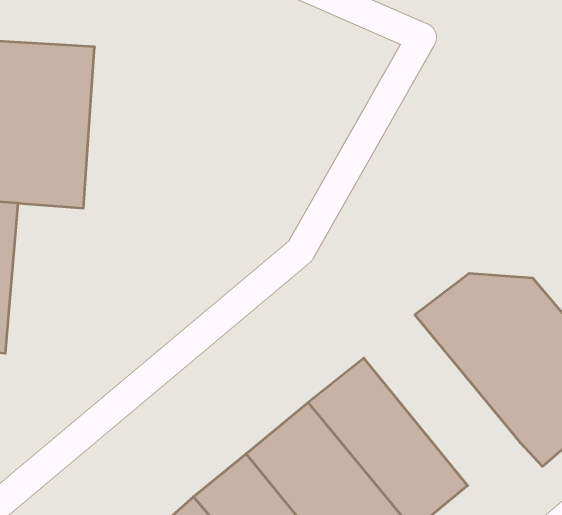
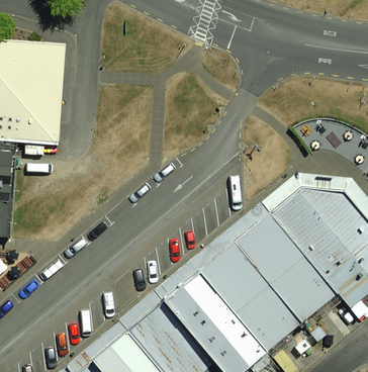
building: none -> [237,213,336,321]

